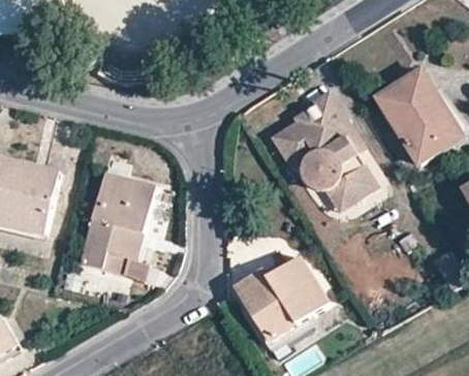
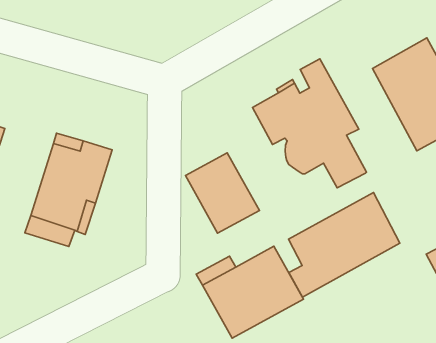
building: none -> [185,153,259,233]
building: none -> [288,193,400,297]

